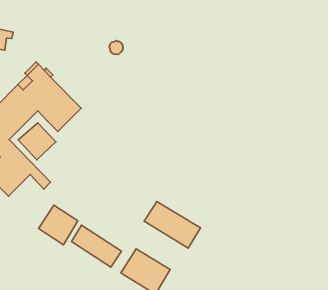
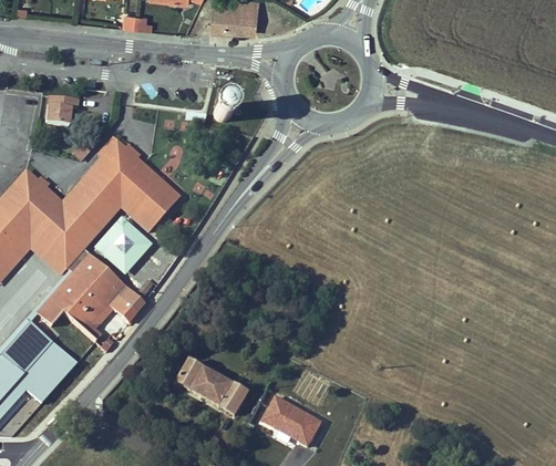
building: [144,202,200,248] -> none
building: [38,205,78,245] -> none

